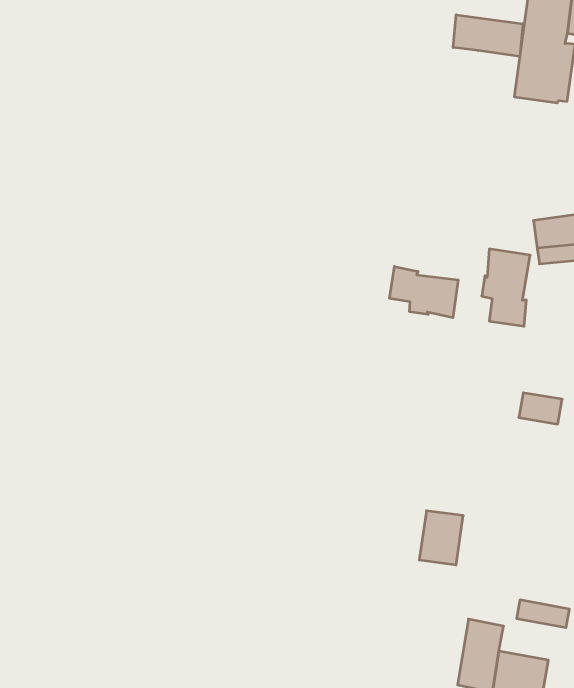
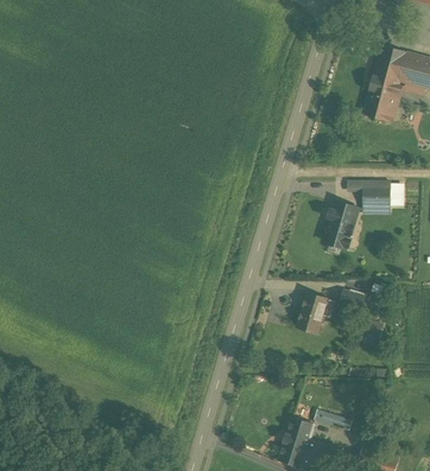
building: [453,15,523,57] -> none
building: [390,266,458,318] -> none
building: [419,511,463,565] -> [298,291,328,325]

